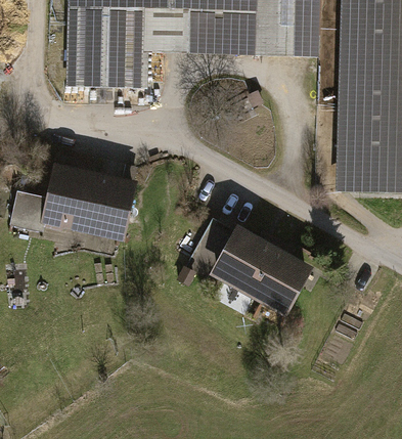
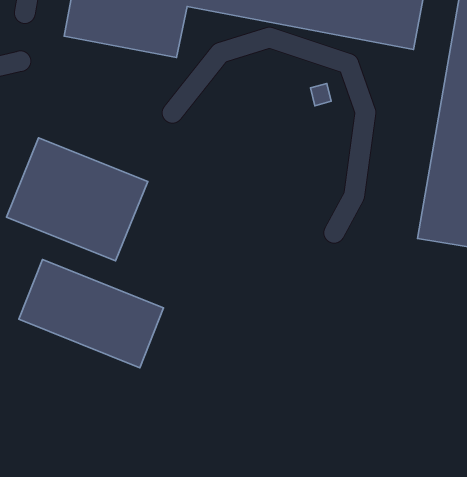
building: [187,214,305,309] -> none
building: none -> [19,260,164,368]

